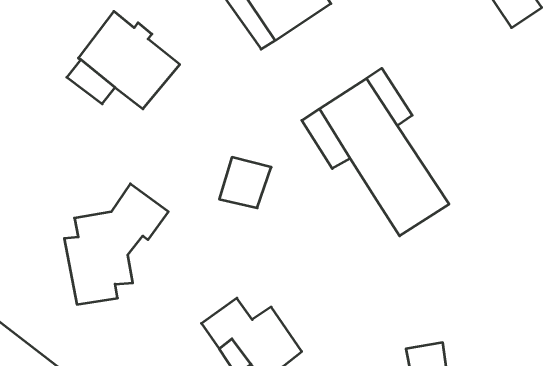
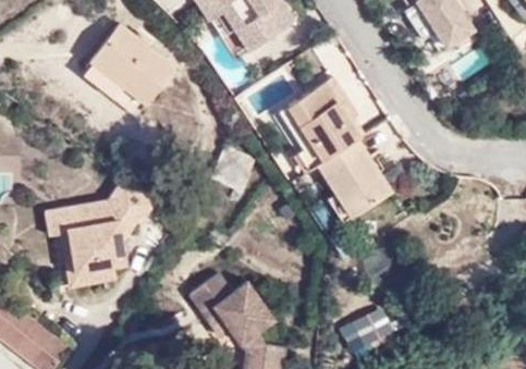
building: none -> [45,205,79,280]

